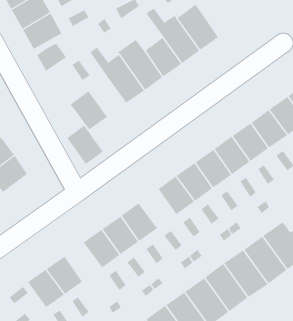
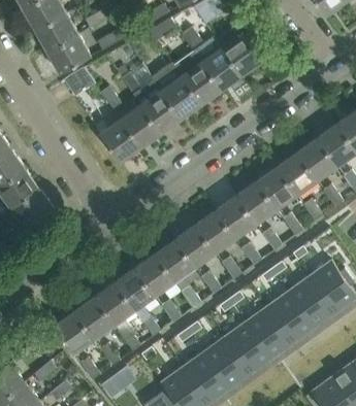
building: [67,125,104,165] -> [120,104,160,147]
building: none -> [174,226,215,268]
building: none -> [94,283,140,350]

